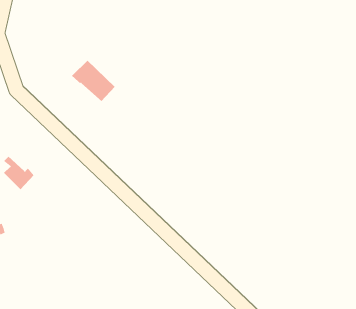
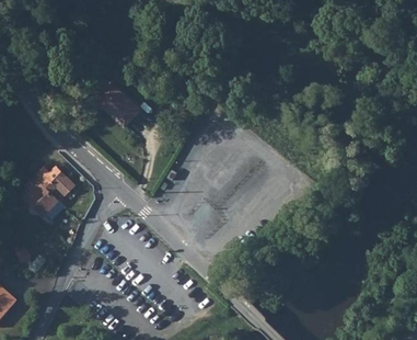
building: none -> [33,168,76,196]

